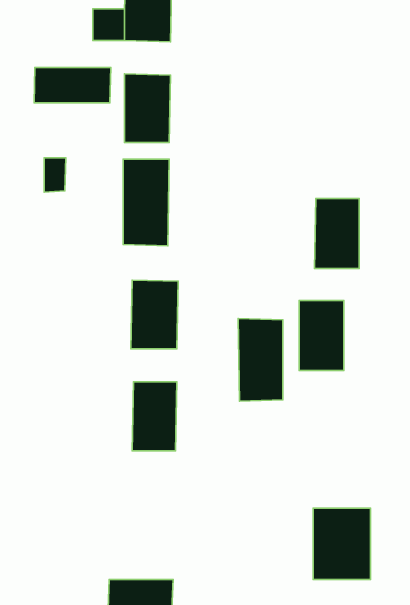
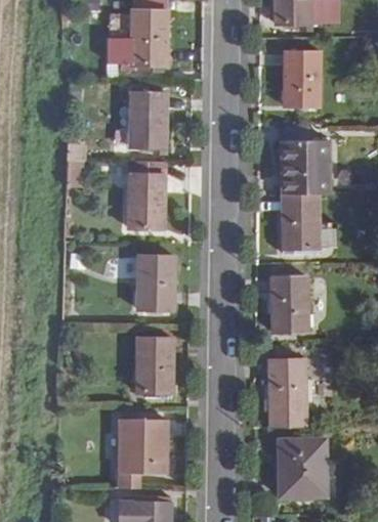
building: none -> [286,49,323,103]
building: [34,68,111,103] -> none
building: none -> [283,138,329,191]
building: [238,318,283,401] -> [268,359,304,426]
building: none -> [121,421,170,488]

